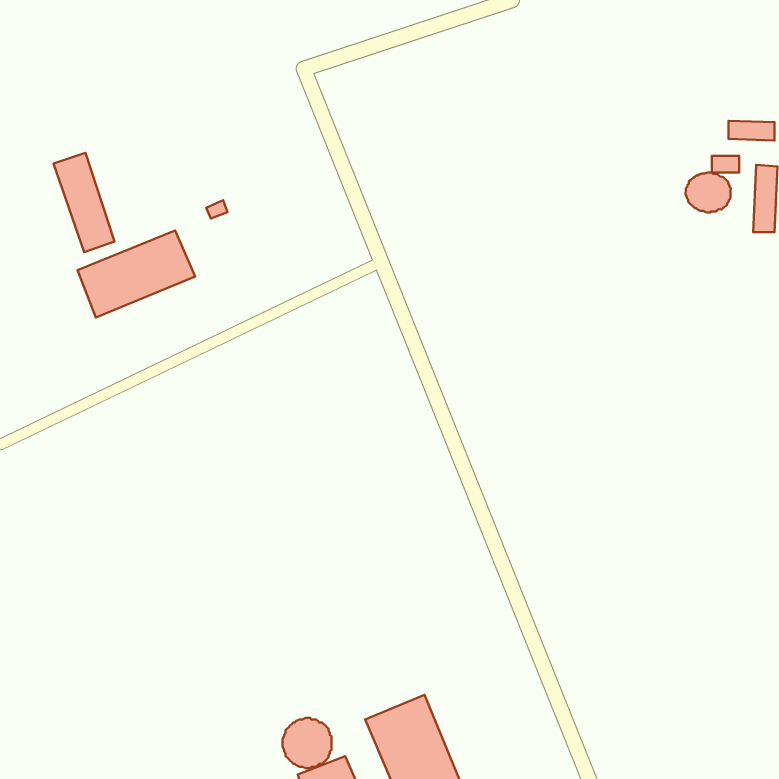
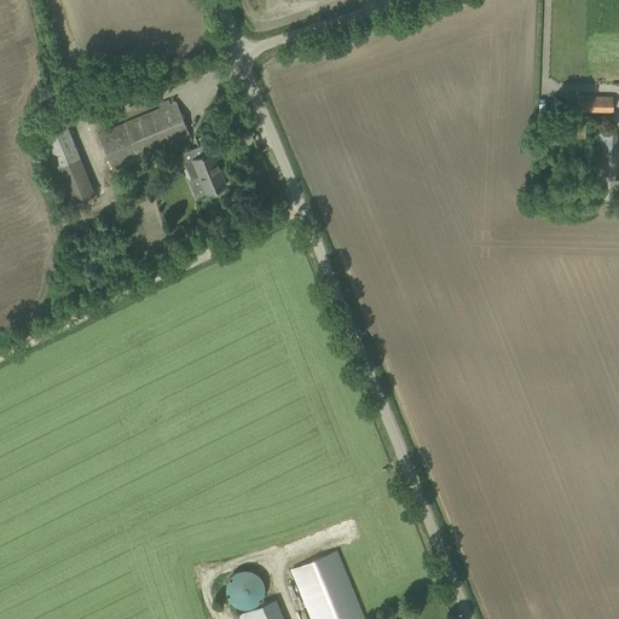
building: [686,172,731,212] -> none
building: none -> [185,151,227,193]
building: [77,231,195,318] -> [99,103,192,172]

